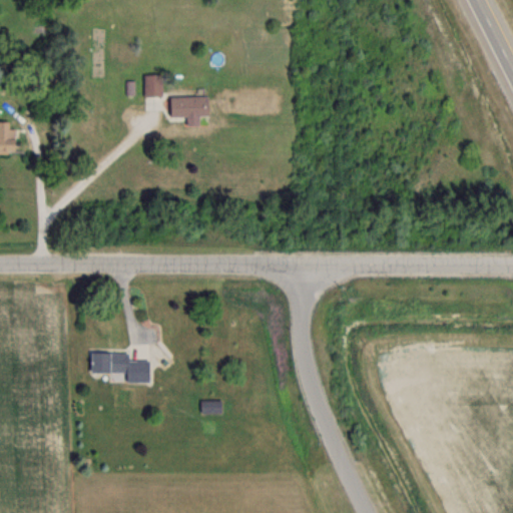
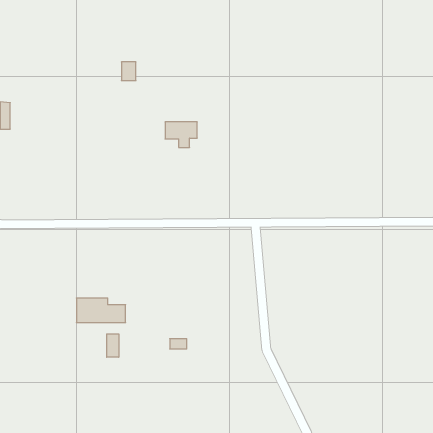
building: [169,96,207,126] -> [165,122,197,147]
building: none -> [107,334,119,357]

